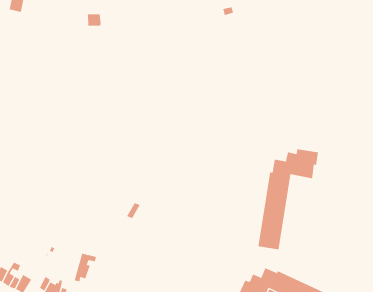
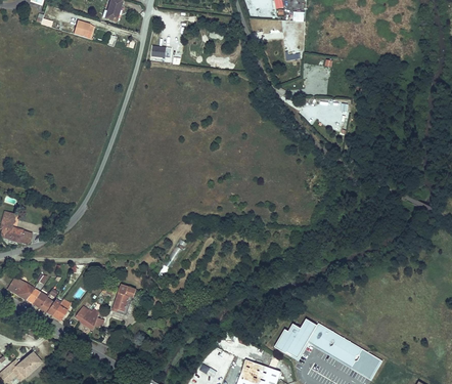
building: [258,148,318,250] -> none

